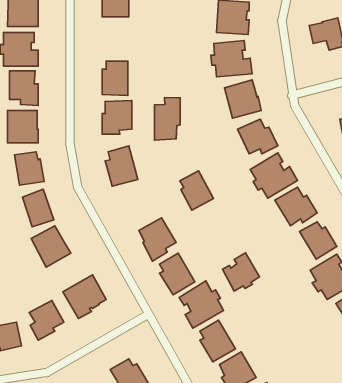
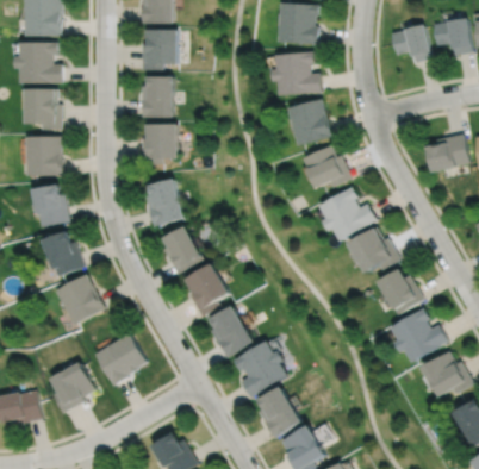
building: none -> [141,29,176,70]
building: [154,98,180,140] -> none
building: [180,171,213,210] -> [162,227,203,275]
building: [223,253,260,291] -> none

